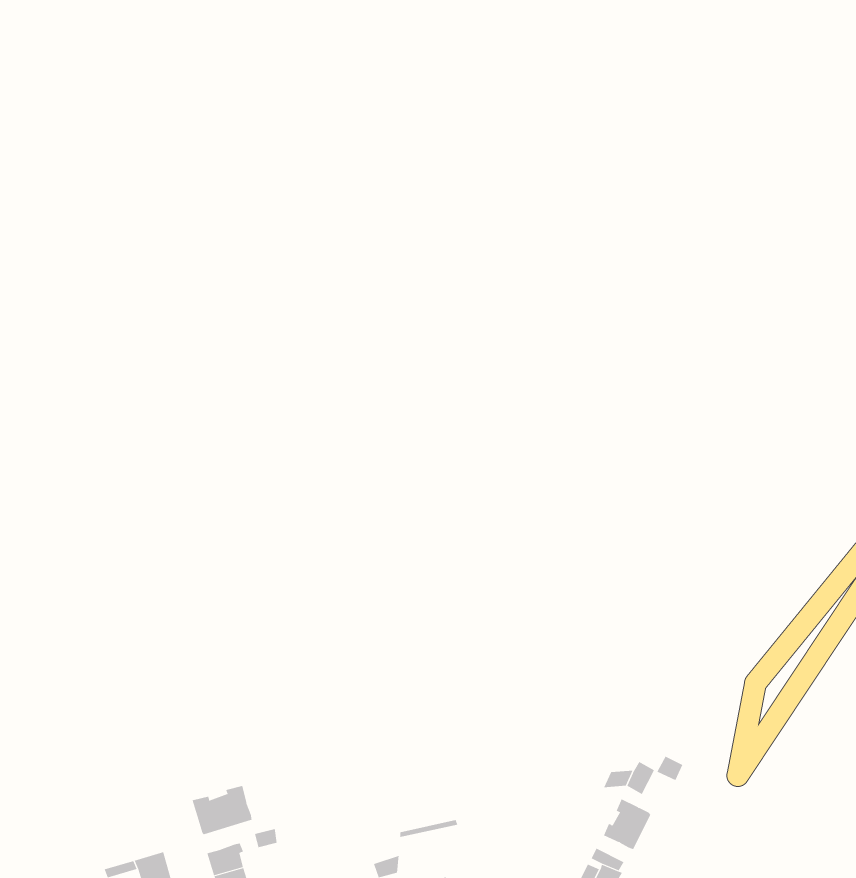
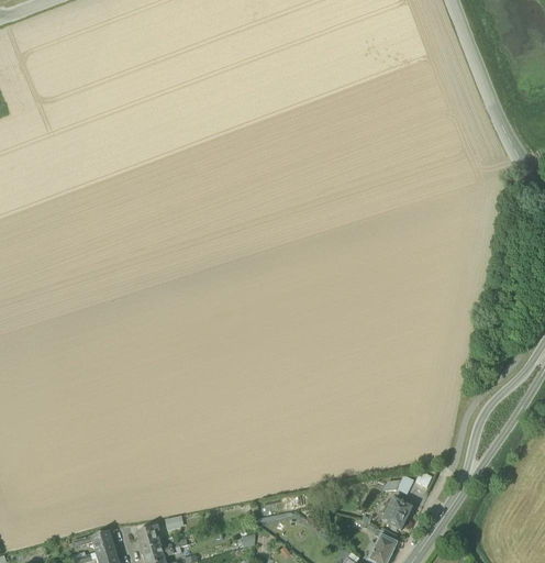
building: [192,785,252,835] -> none

